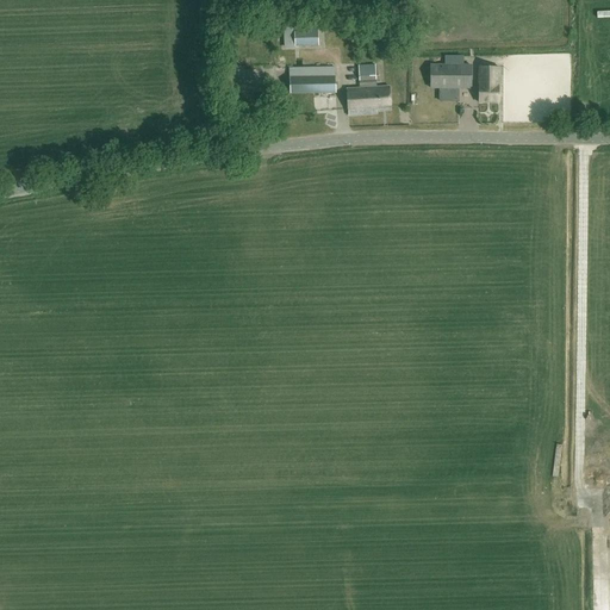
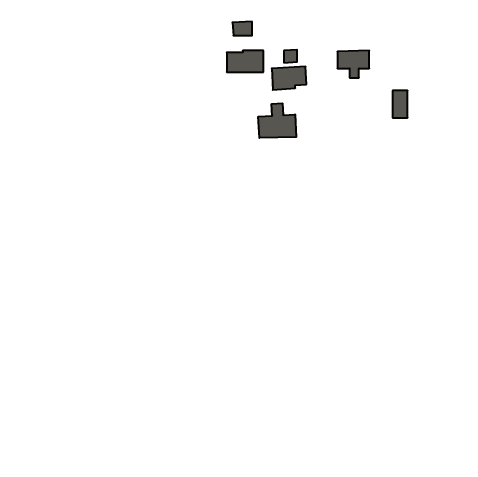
building: [479,66,498,100] -> [393,91,408,118]
building: none -> [258,103,296,138]

